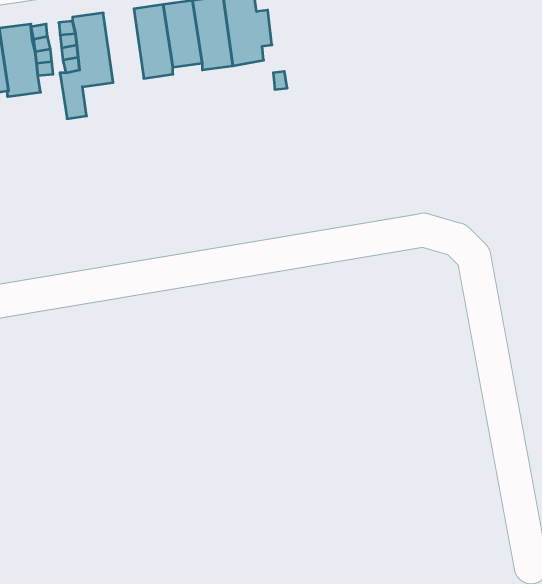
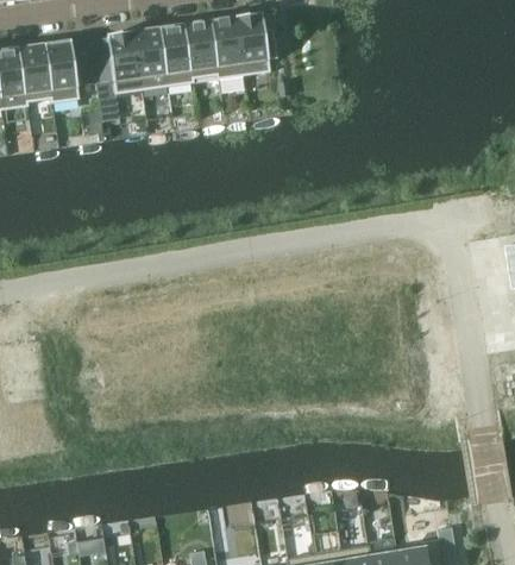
building: none -> [130,29,164,92]

